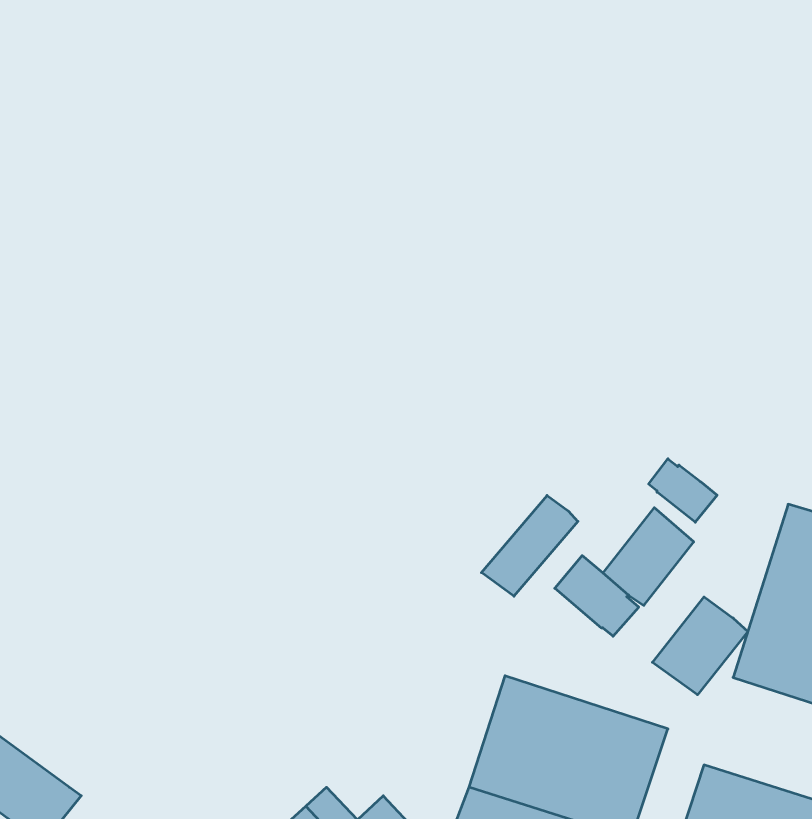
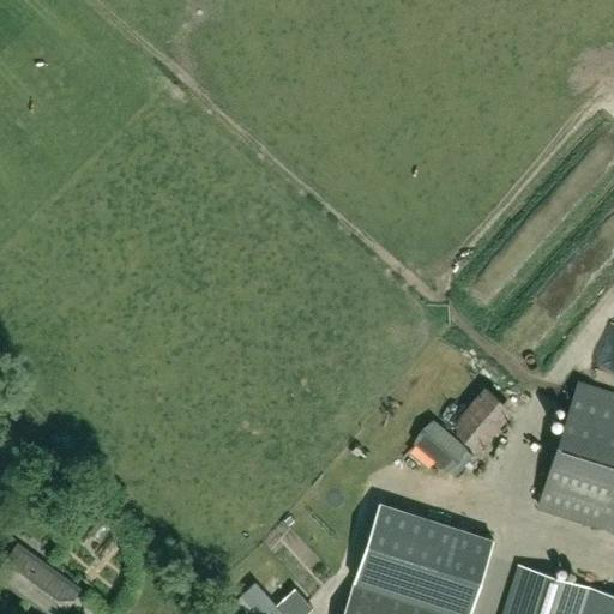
building: [649,459,717,522] -> none
building: [481,495,578,596] -> none
building: [652,597,748,695] -> none

